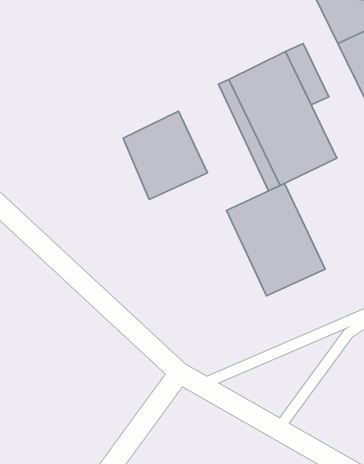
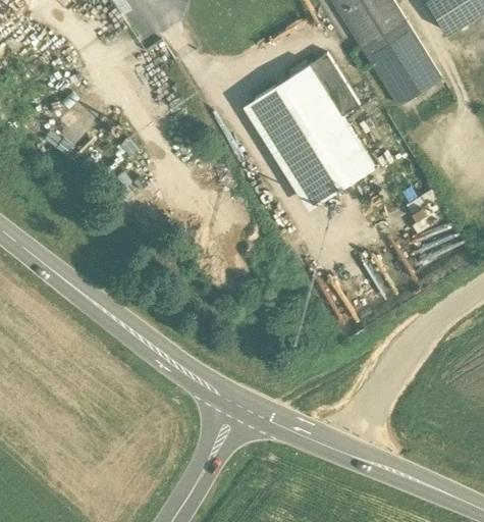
building: [123,111,207,200] -> none
building: [227,183,325,296] -> none

